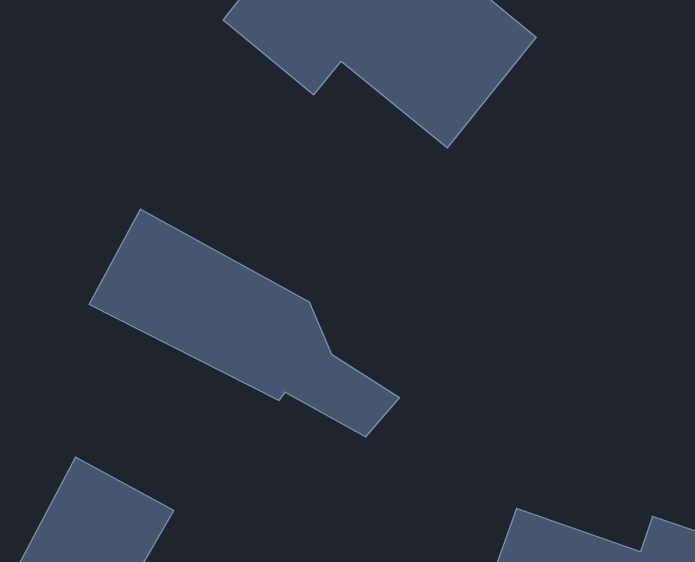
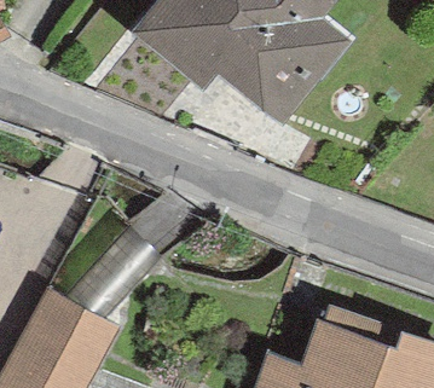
building: [89,209,399,437] -> none

